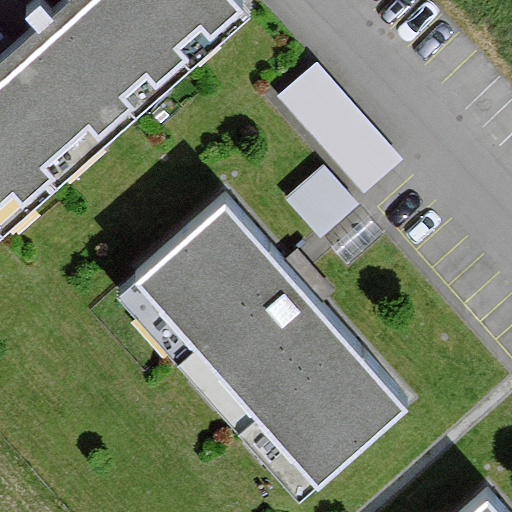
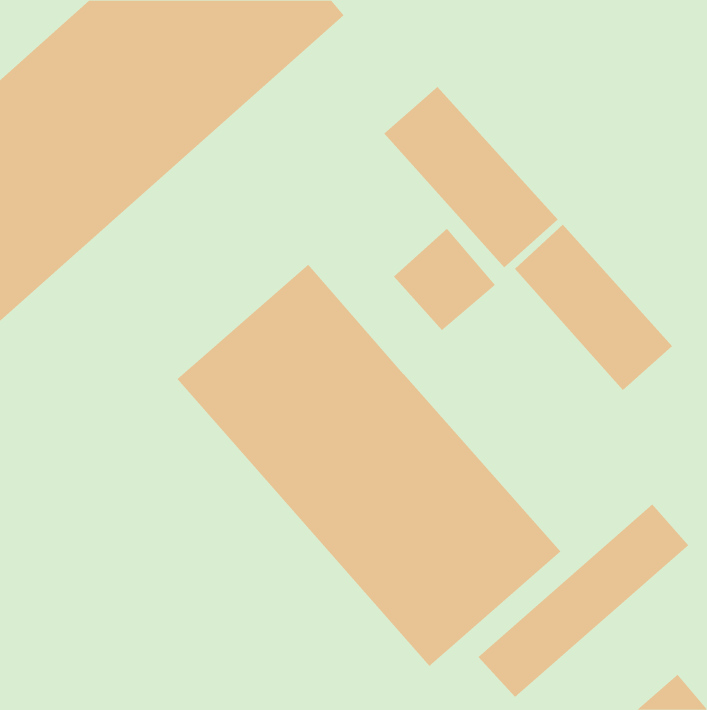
building: none -> [514,224,673,391]
building: none -> [478,503,689,698]

